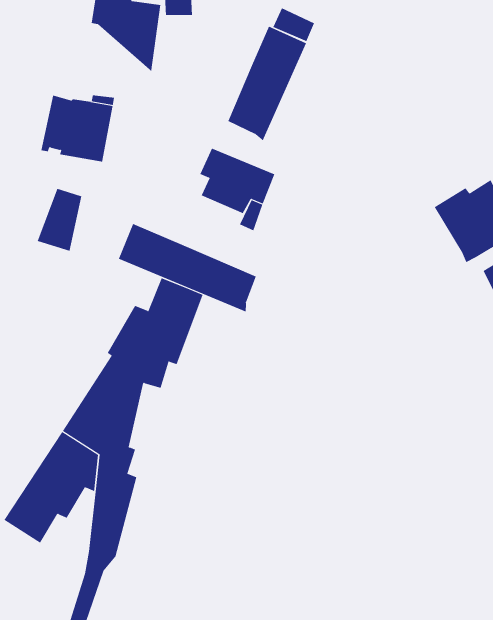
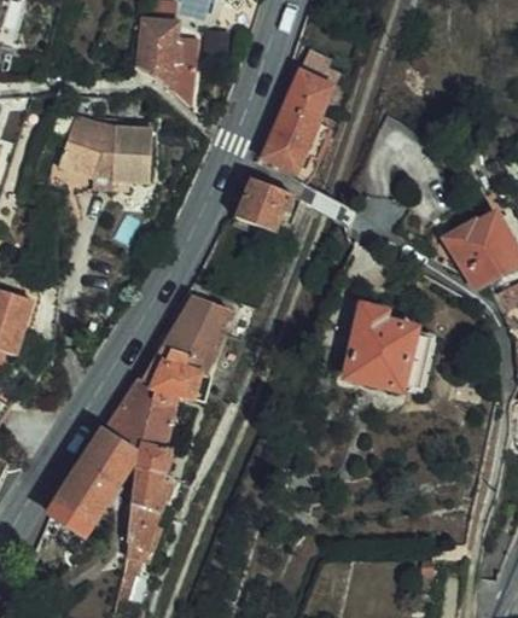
building: [37,188,82,252] -> [57,121,98,179]
building: [118,223,256,312] -> none
building: none -> [338,299,424,389]

